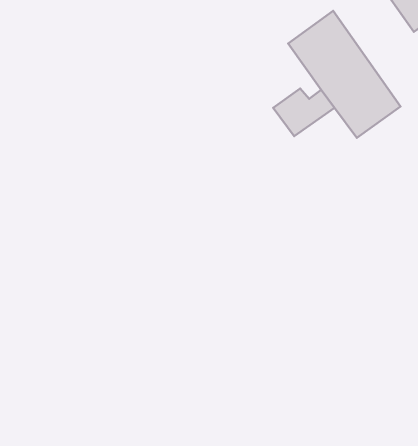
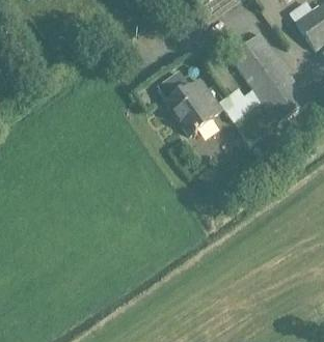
building: none -> [167,78,223,134]

